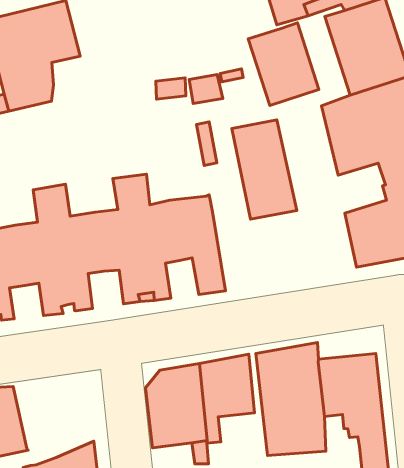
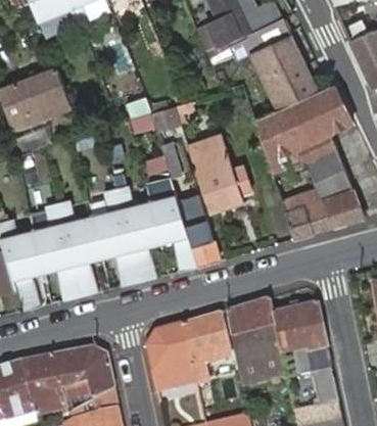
building: [248,23,319,105] -> none
building: none -> [182,202,220,266]
building: none -> [49,346,113,404]

